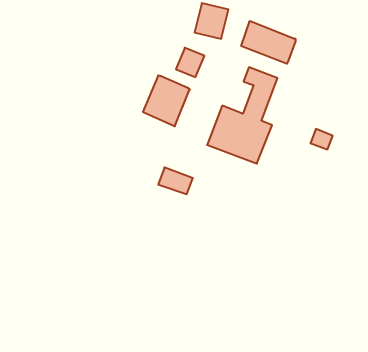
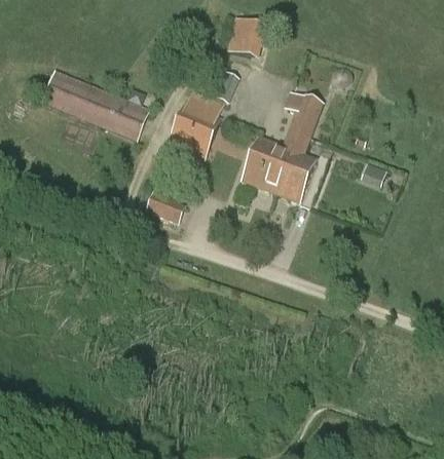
building: [241,21,295,64] -> none
building: none -> [41,70,150,140]
building: [158,167,193,194] -> [145,192,185,223]

